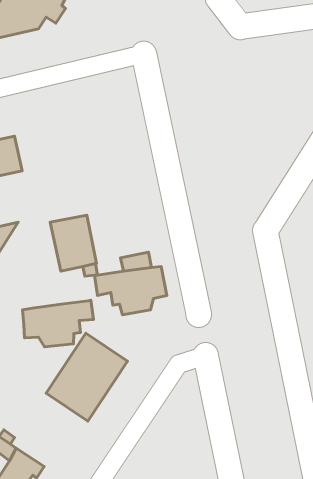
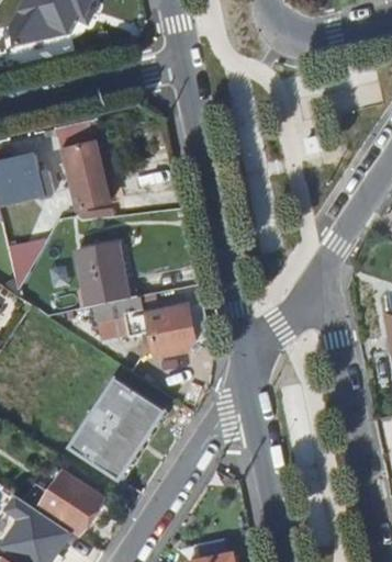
building: none -> [55,123,110,212]
building: [23,300,93,347] -> none
building: none -> [40,472,102,533]

